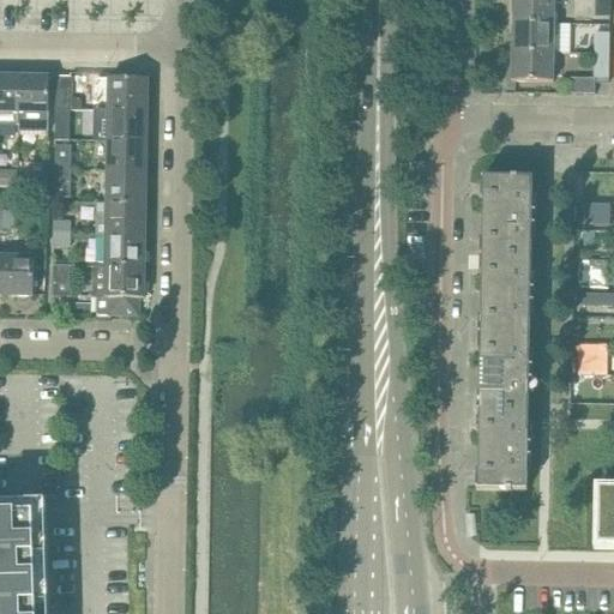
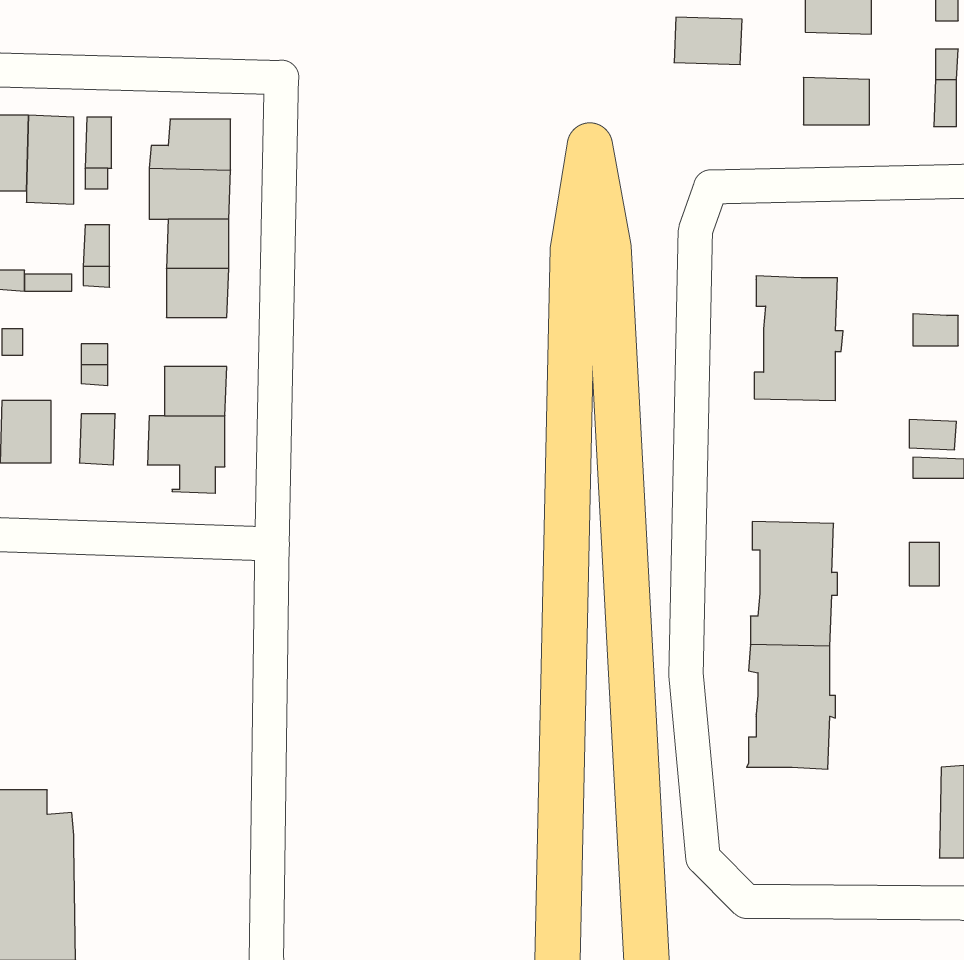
building: [510,20,553,50] -> [674,17,742,65]
building: [95,201,144,233] -> none
building: [477,253,532,332] -> none

